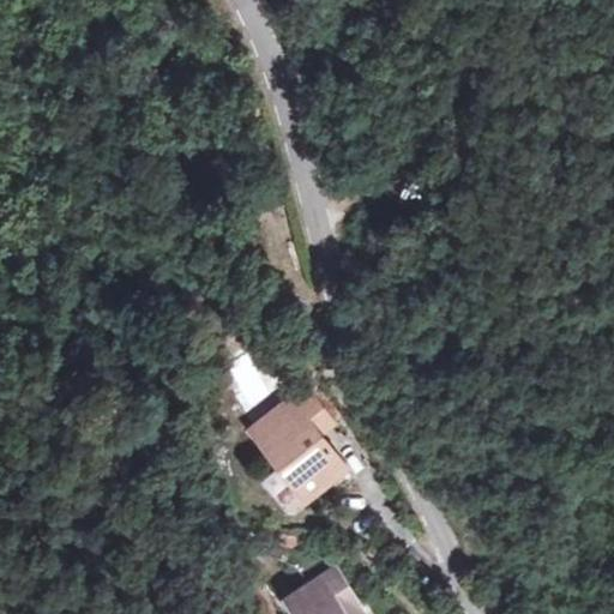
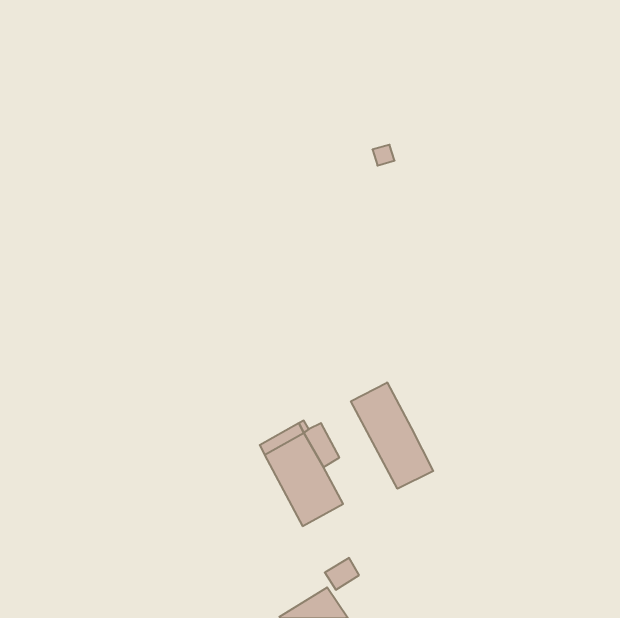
building: none -> [351,382,433,489]

